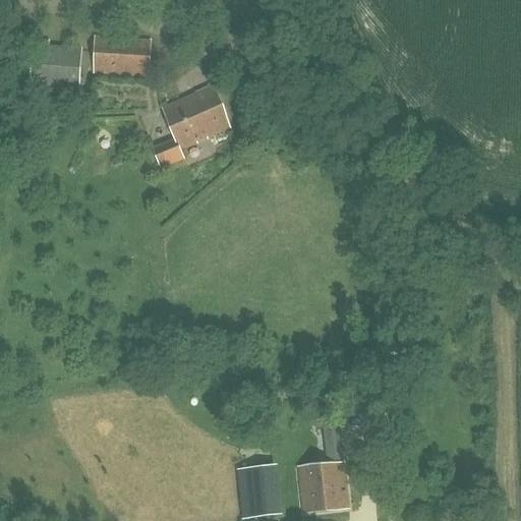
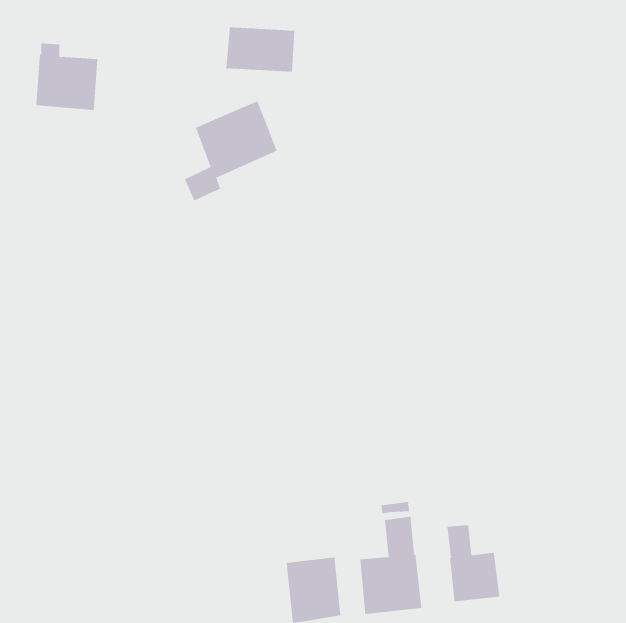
building: [93,36,151,73] -> [225,27,295,72]
building: none -> [447,524,500,602]

